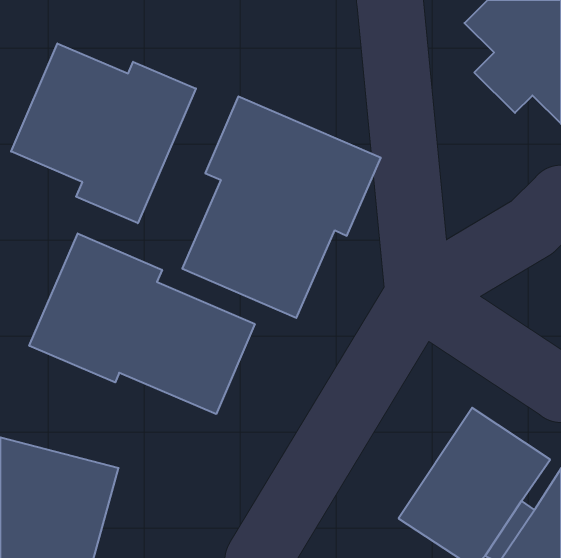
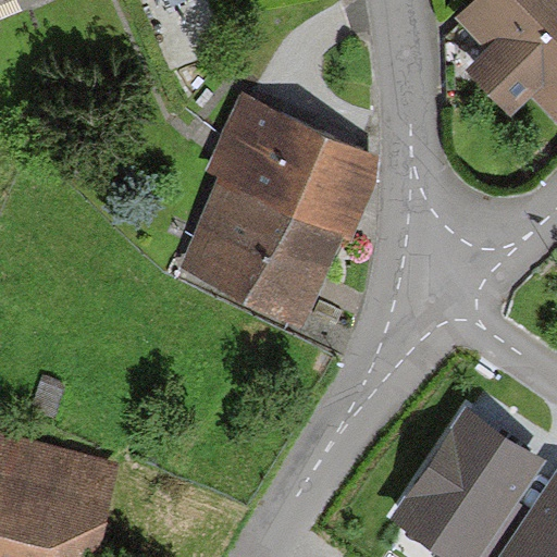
building: [11,43,196,223] -> none
building: [29,233,255,414] -> none

